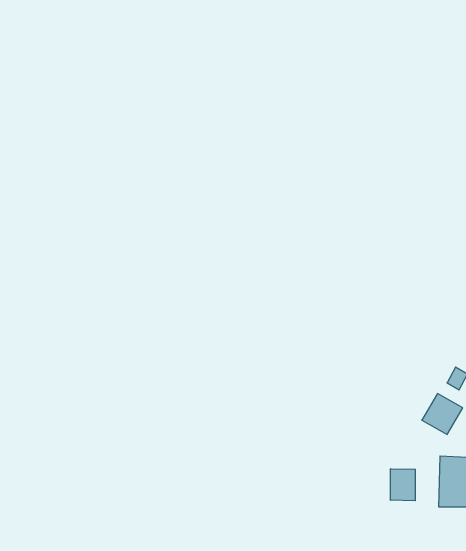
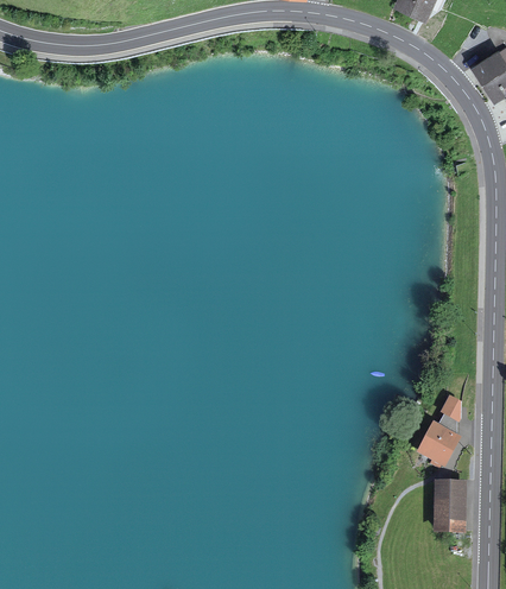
building: [391,469,415,501] -> none

